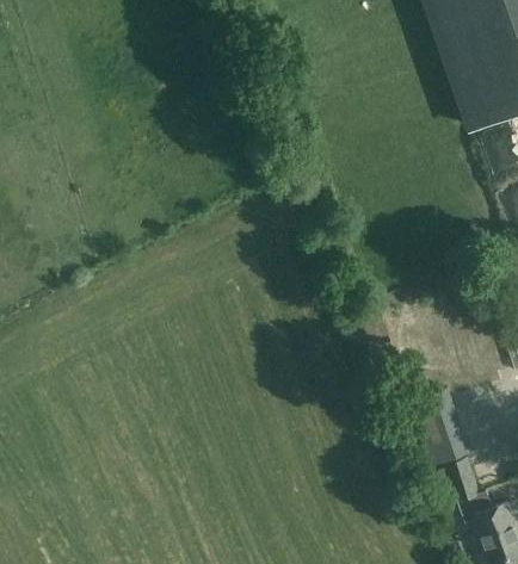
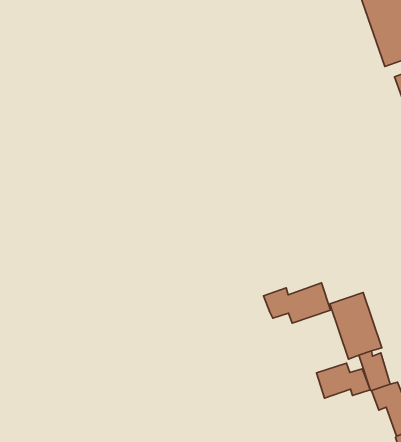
building: none -> [264,283,331,323]
building: none -> [317,363,370,398]

